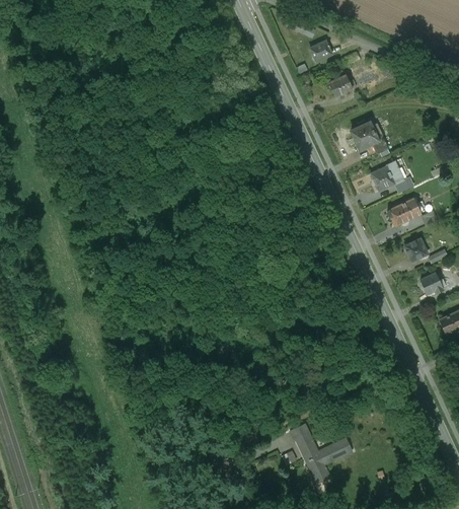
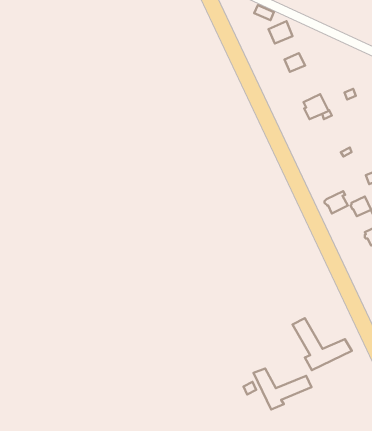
building: [371,161,403,190] -> none
building: [387,200,413,225] -> [325,191,348,214]
building: none -> [292,318,352,370]

